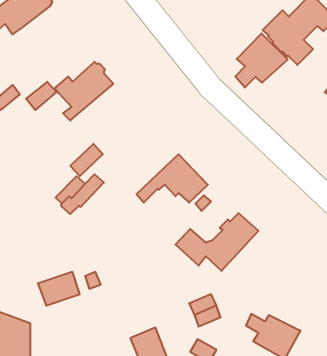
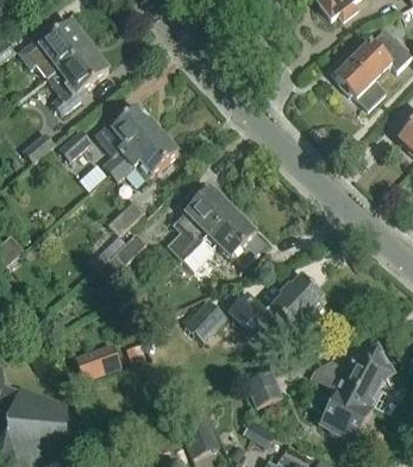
building: none -> [45,43,108,114]
building: [235,33,288,88] -> none
building: none -> [111,131,177,181]
building: none -> [167,188,233,260]
building: none -> [188,298,231,342]
building: none -> [311,346,392,408]

